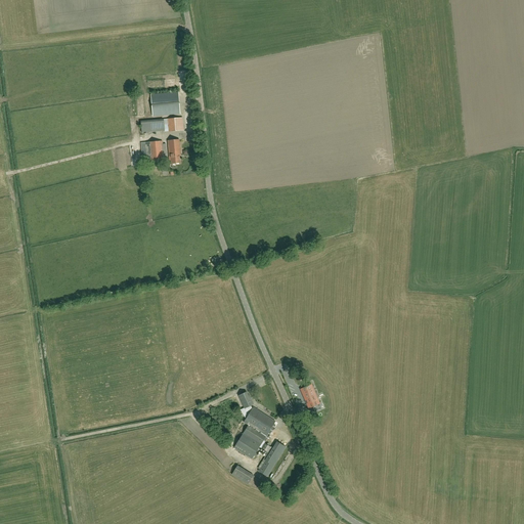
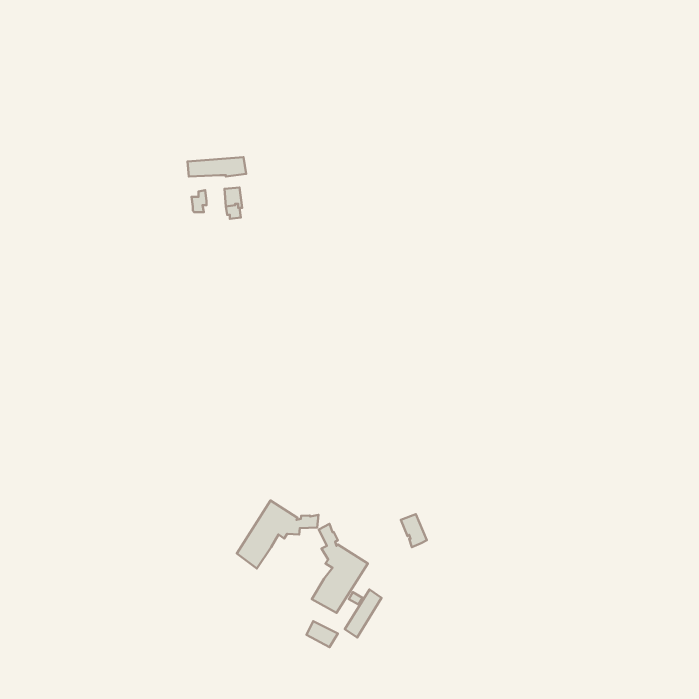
building: [150,92,180,116] -> none
building: none -> [237,501,318,569]

